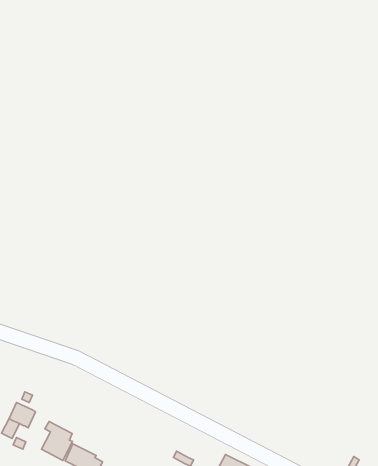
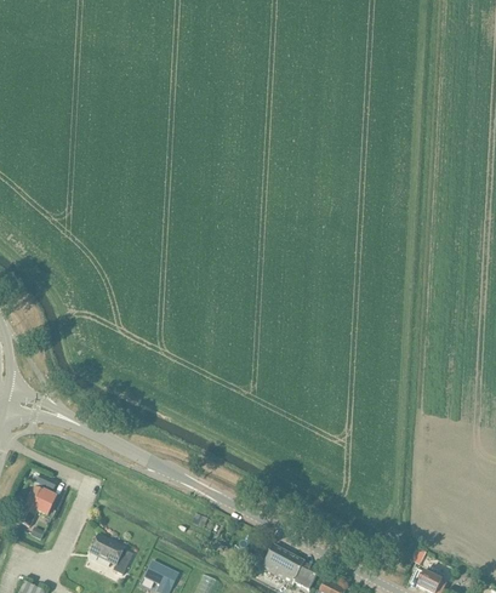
building: [42,422,72,461] -> none

